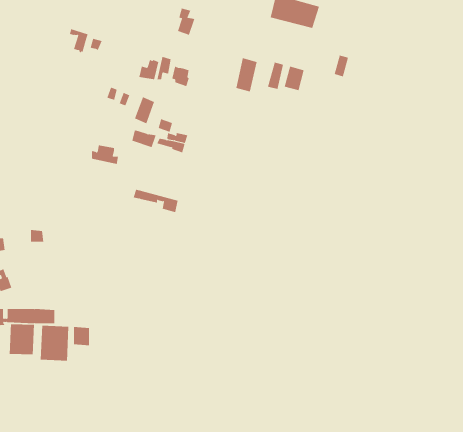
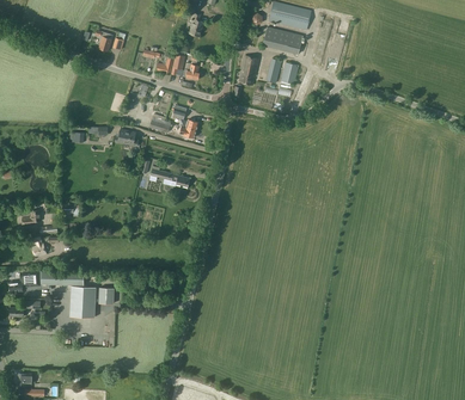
building: none -> [262,26,301,54]
building: [9,323,34,355] -> none

